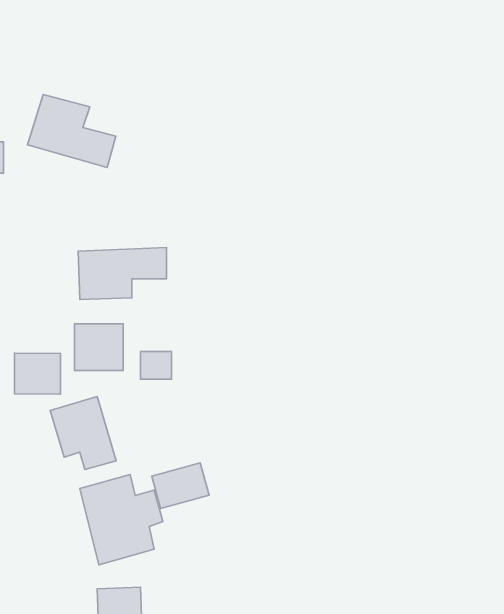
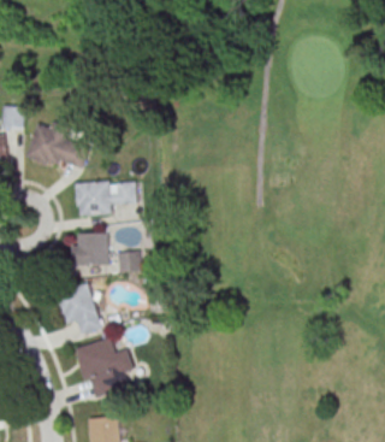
building: [27,95,116,167] -> [25,122,87,172]
building: [15,353,61,394] -> none
building: [152,463,209,509] -> none

